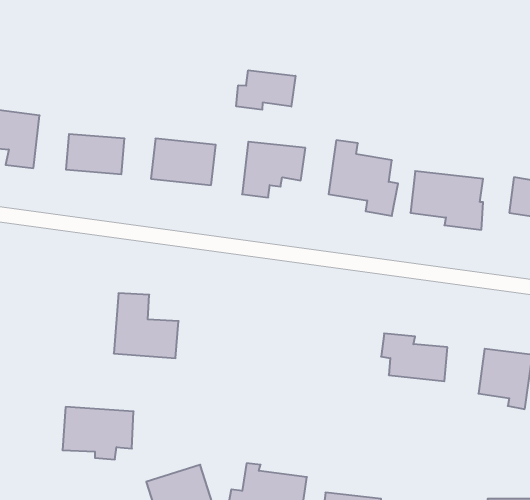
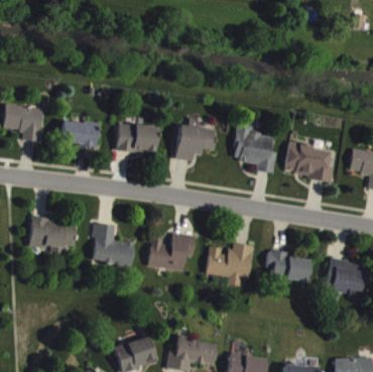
building: [236,70,295,110] -> none
building: none -> [147,232,196,270]
building: none -> [206,242,253,285]
building: [62,407,134,459] -> [29,218,76,252]

